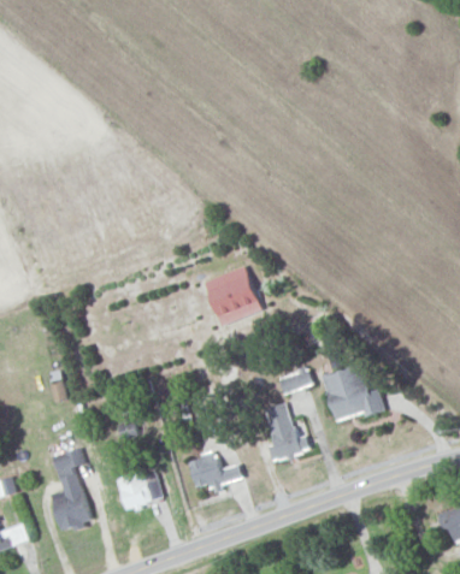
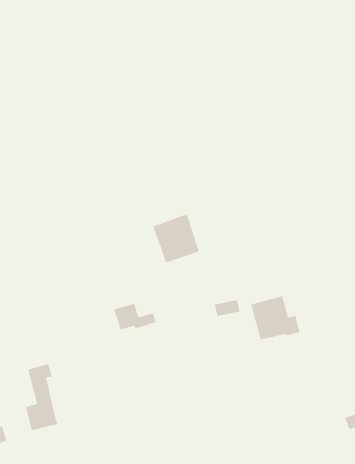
building: [266,402,311,460] -> none
building: [189,452,242,486] -> [113,303,157,330]
building: [114,467,161,509] -> none

